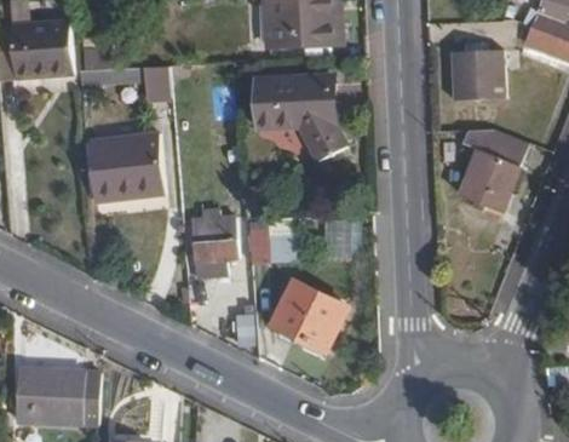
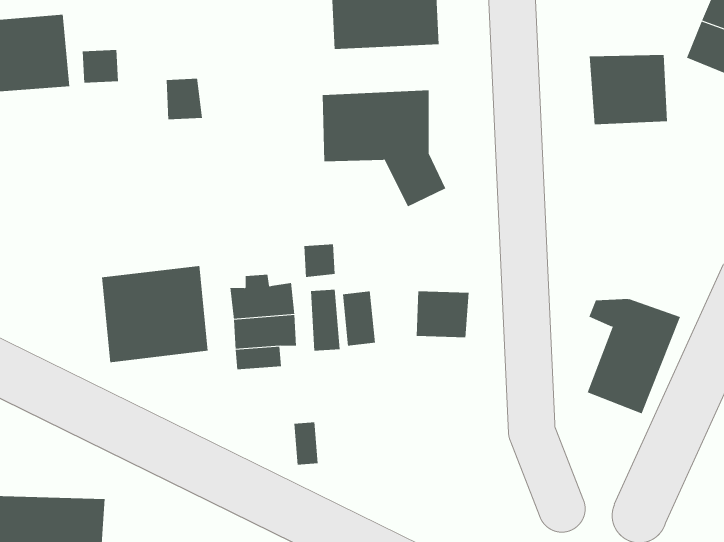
building: [460,130,528,213] -> [587,299,681,414]
building: [87,133,165,203] -> [101,265,209,363]
building: [272,281,346,351] -> none

